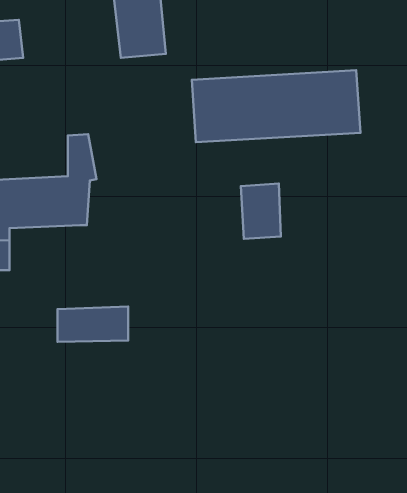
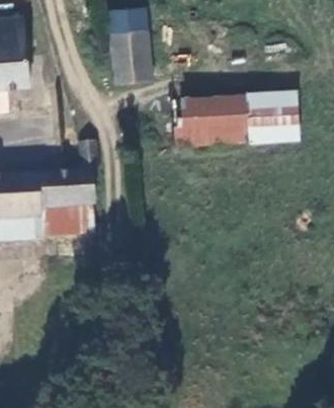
building: [241,184,281,239] -> none
building: [57,306,128,342] -> [34,208,87,234]

